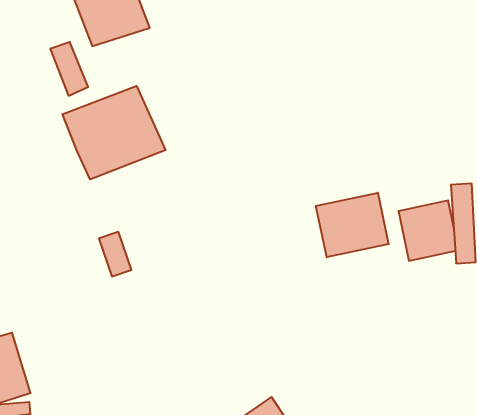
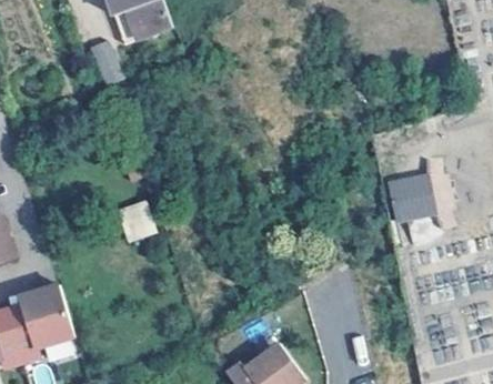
building: [62,86,166,179] -> none
building: [316,193,389,257] -> none

